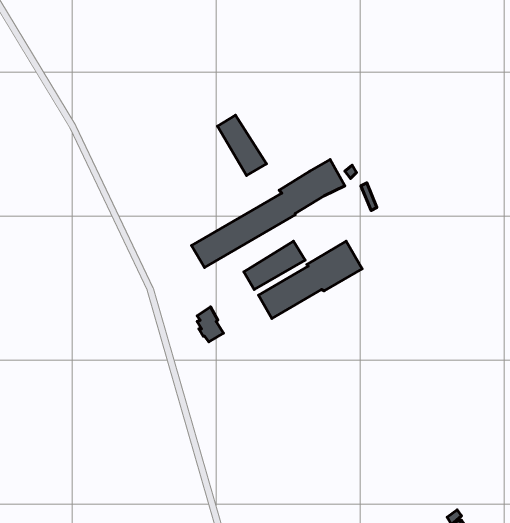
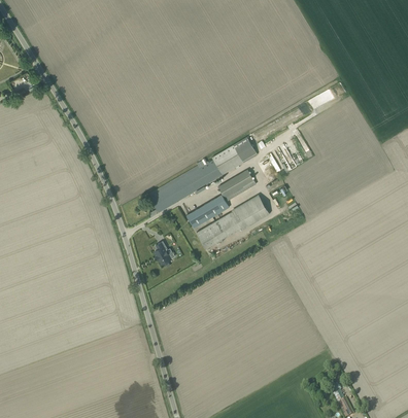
building: [218,115,266,176] -> none
building: none -> [218,168,257,200]

